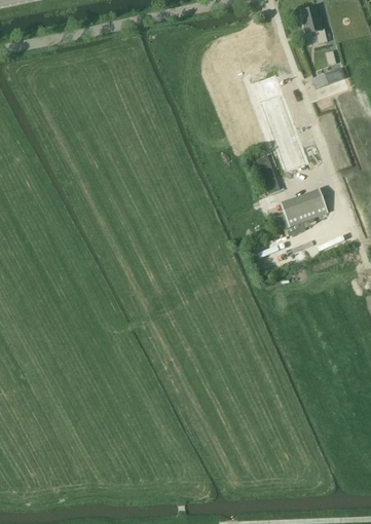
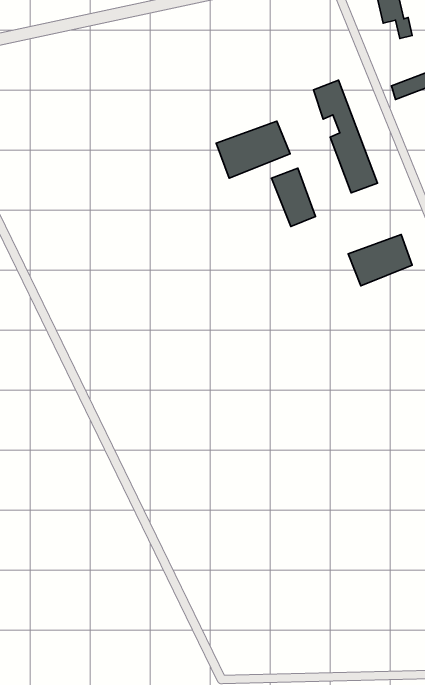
building: none -> [216,121,290,178]
building: none -> [272,168,316,226]

